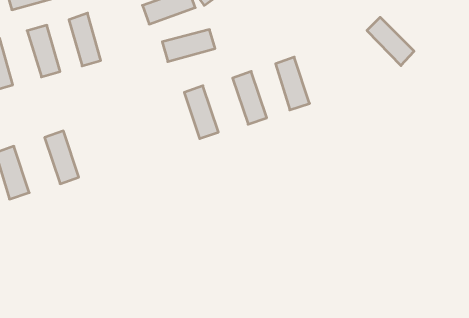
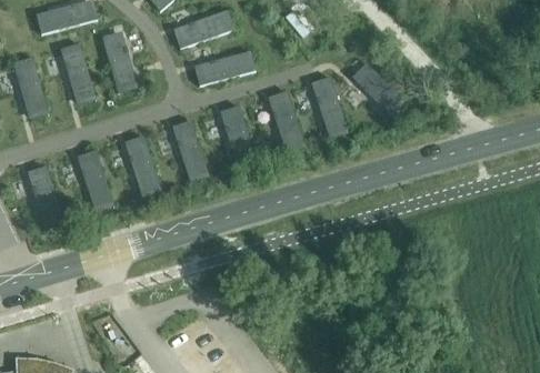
building: [367,17,414,66] -> [354,63,402,112]
building: none -> [173,123,208,177]
building: none -> [126,139,160,192]

